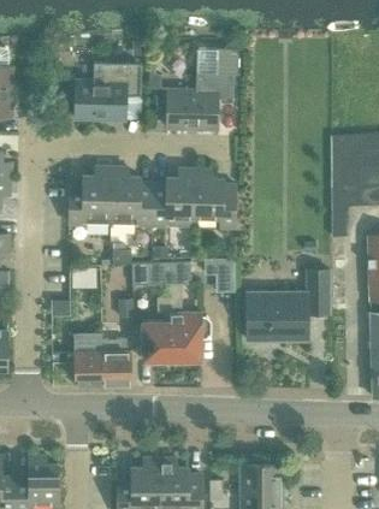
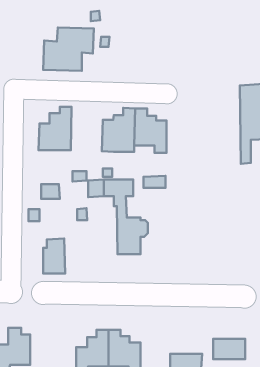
building: [166,48,238,130] -> none
building: [111,167,153,225] -> none
building: [248,271,330,341] -> none
building: [142,297,172,361] -> none
building: [102,339,132,385] -> none
building: [241,463,283,490] -> [213,339,245,359]

